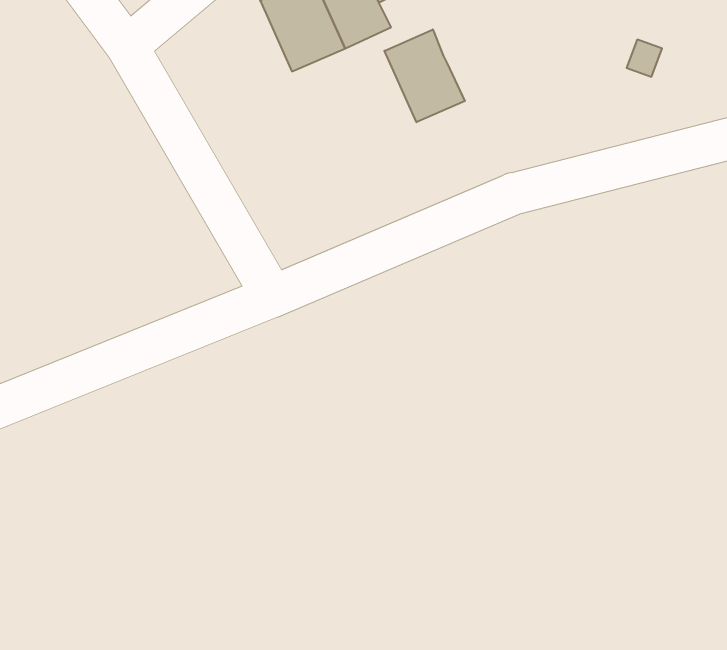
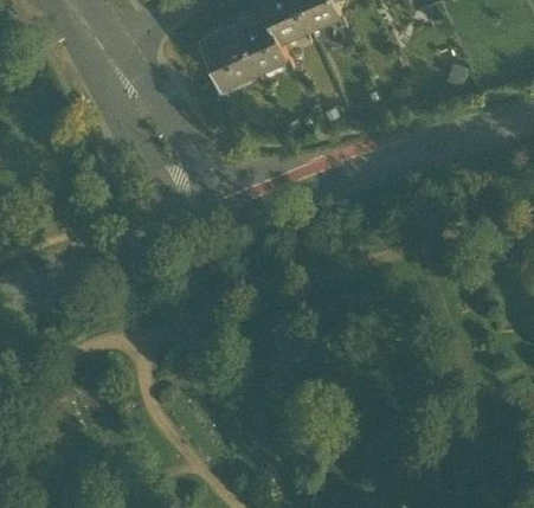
building: [384,29,465,122] -> none

